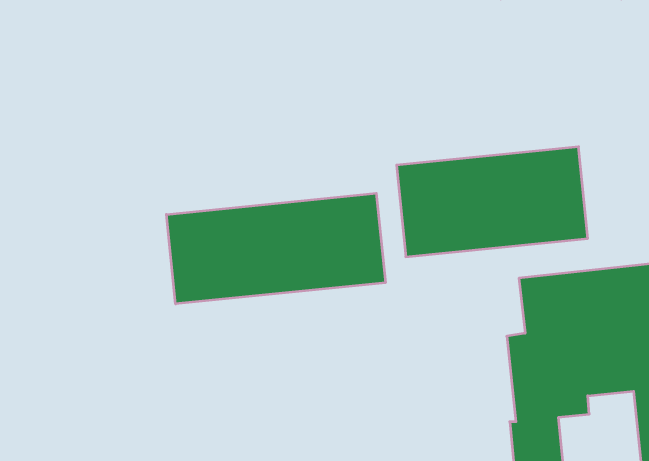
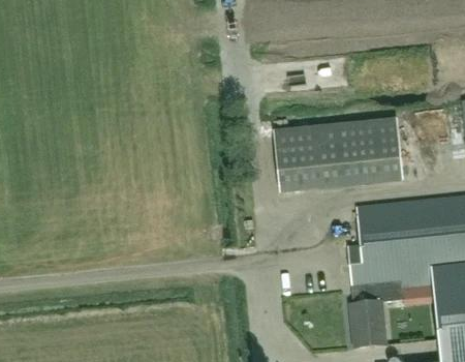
building: [166,193,385,304] -> none

